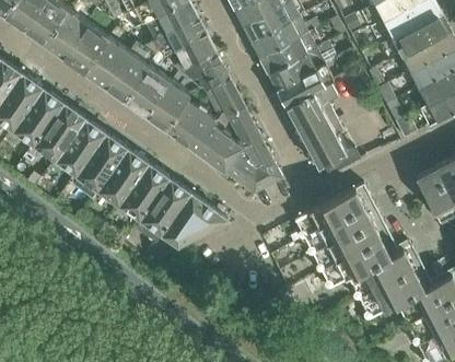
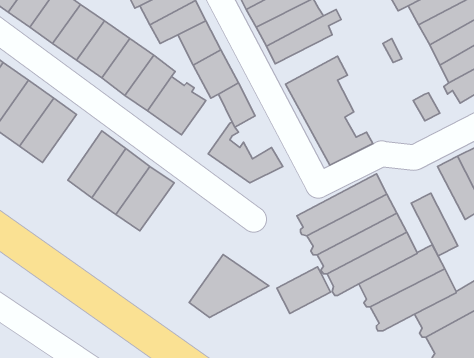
building: [276,63,334,106] -> none
building: [195,124,236,166] -> none
building: [74,132,126,189] -> none
building: [241,133,272,171] -> none
building: [159,191,228,246] -> [189,254,269,318]
building: none -> [411,193,458,256]
building: none -> [277,267,330,314]

